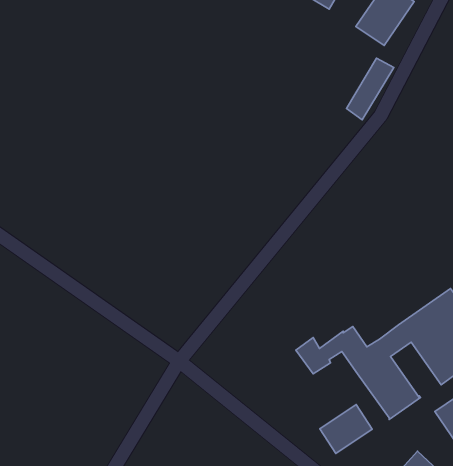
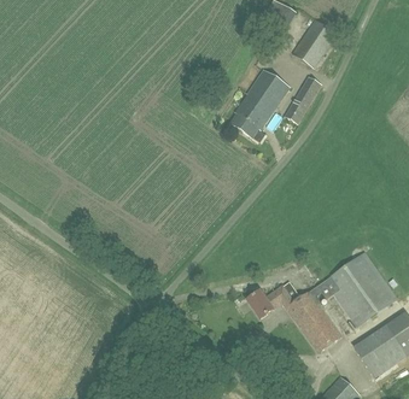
building: none -> [232,69,291,136]
building: [320,405,372,453] -> none

